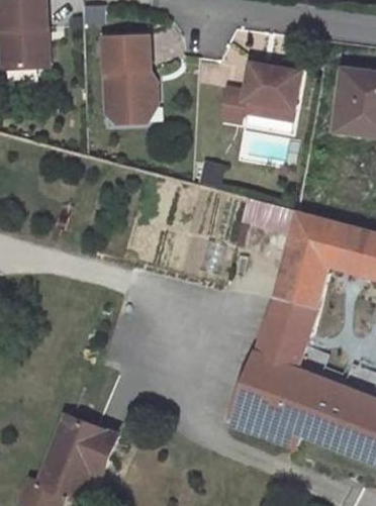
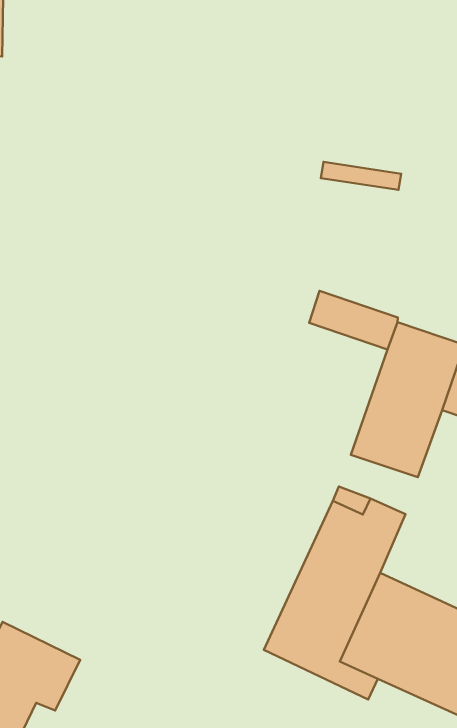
building: [104,36,157,124] -> none
building: [220,63,299,122] -> none

